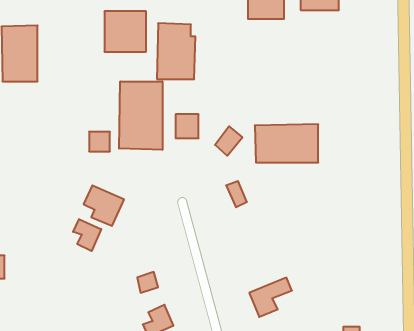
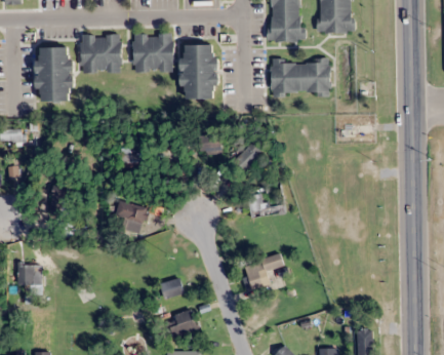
building: none -> [80,35,120,73]
building: [119,81,162,150] -> none
building: [255,124,318,163] -> [270,60,329,95]
building: [73,219,101,251] -> none
building: [249,278,292,317] -> [243,252,283,289]

